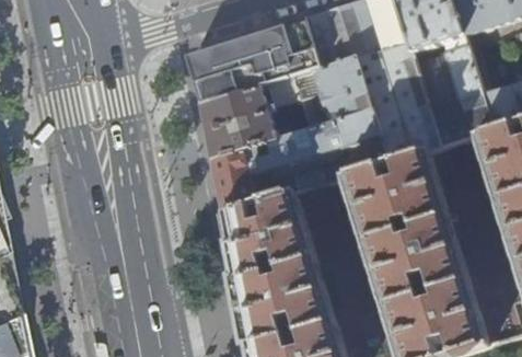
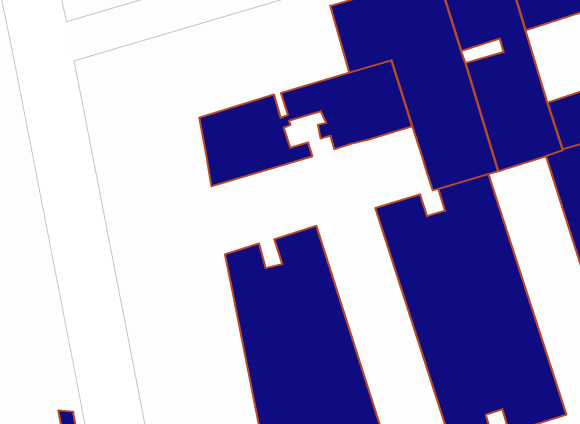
building: [190,15,320,105] -> none
building: [209,112,386,215] -> none

